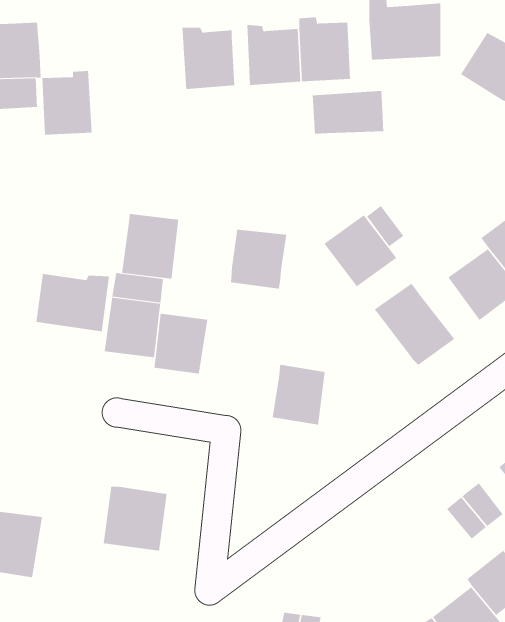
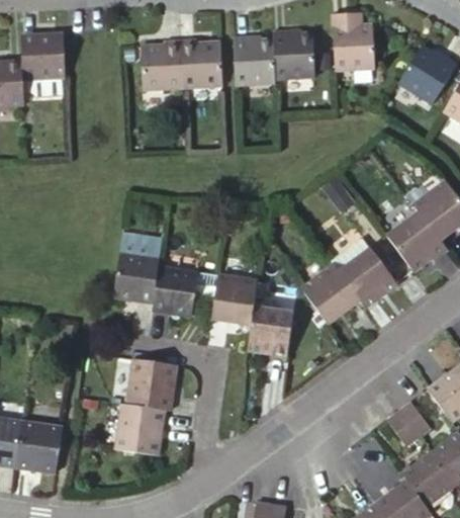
building: [42,70,93,135] -> [139,38,179,90]
building: [312,90,384,134] -> none
building: [121,213,179,280] -> none
building: [323,215,397,287] -> [300,268,359,326]
building: [230,229,287,289] -> [212,276,258,324]
building: [36,273,109,332] -> none
building: none -> [125,357,179,411]

